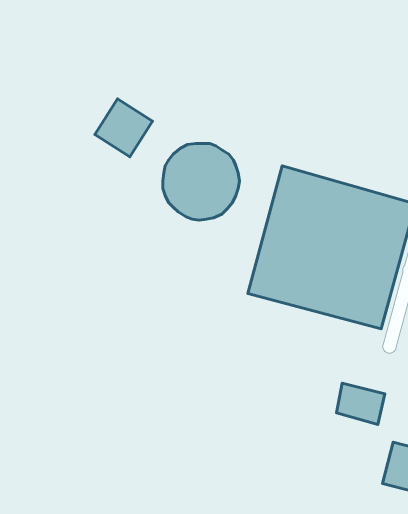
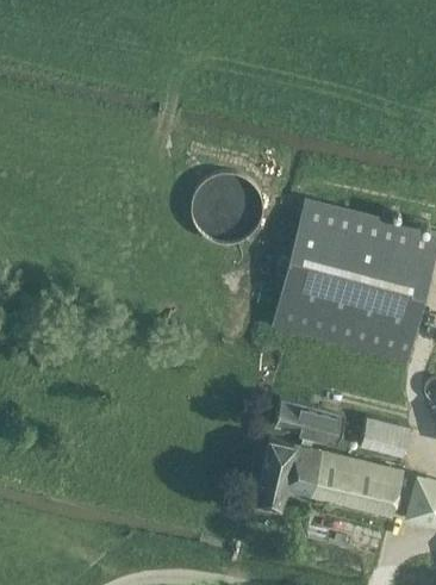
building: [95,99,153,157] -> none
building: none -> [255,402,404,517]

